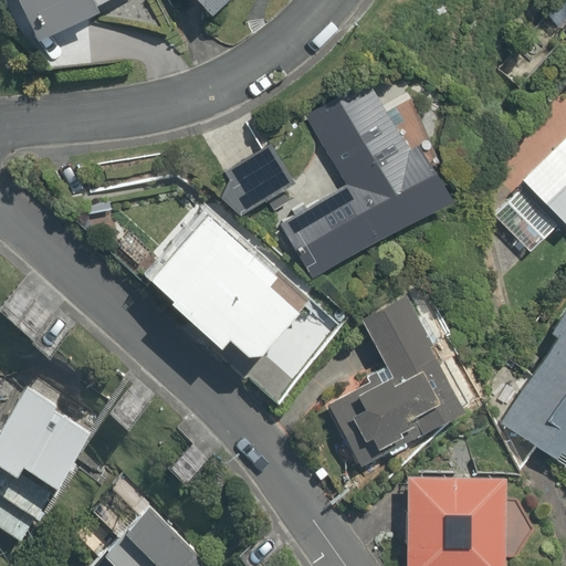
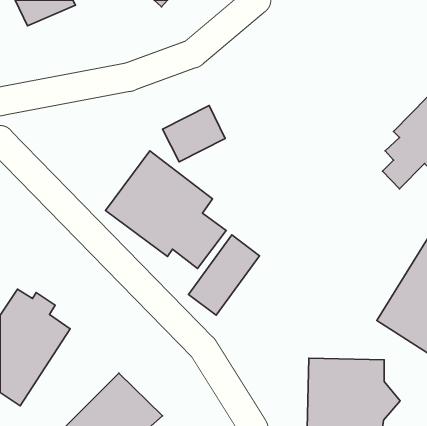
building: [280,88,447,274] -> none
building: [327,296,481,471] -> none

